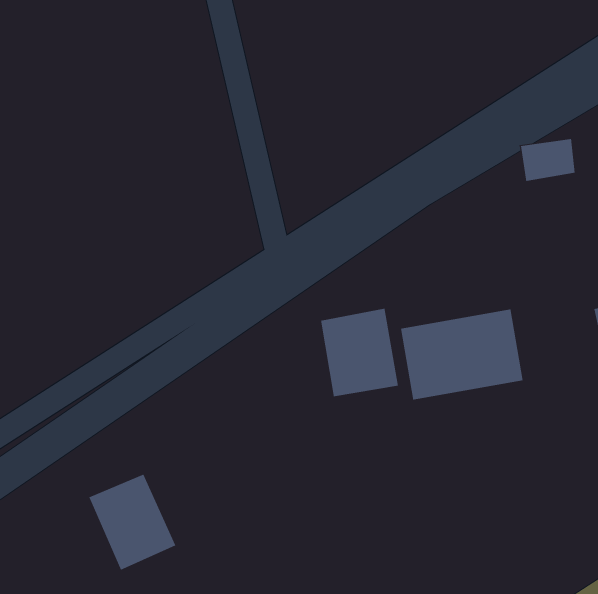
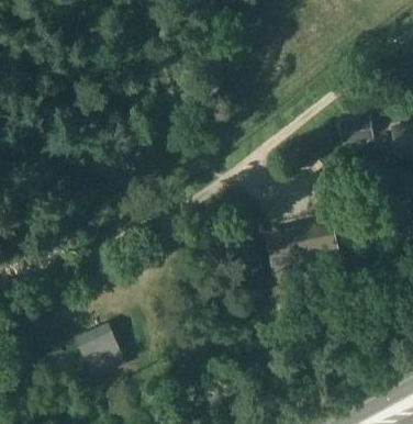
building: [321,308,399,397] -> none

